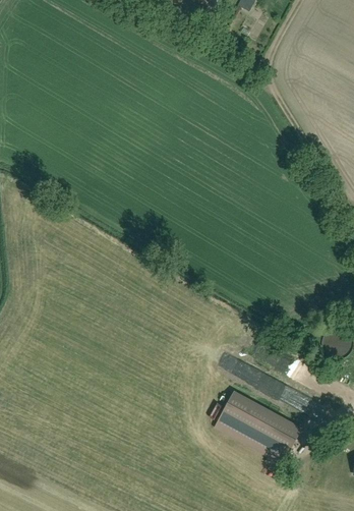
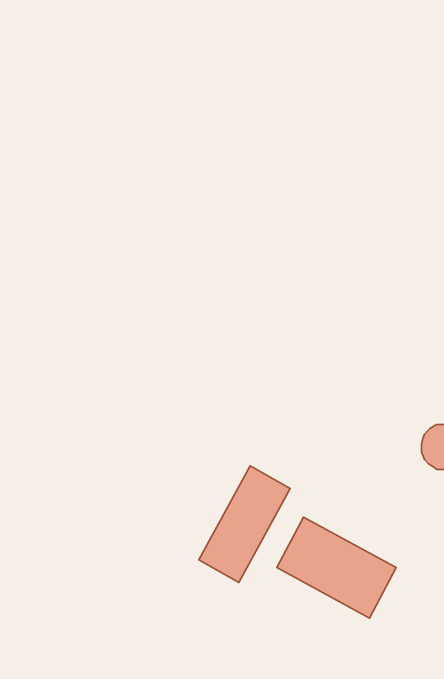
building: none -> [199,466,290,582]

